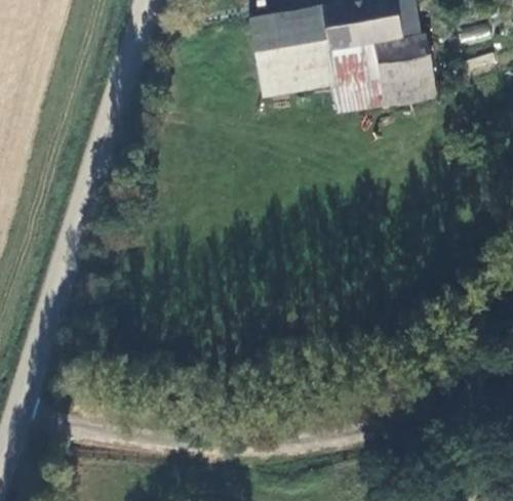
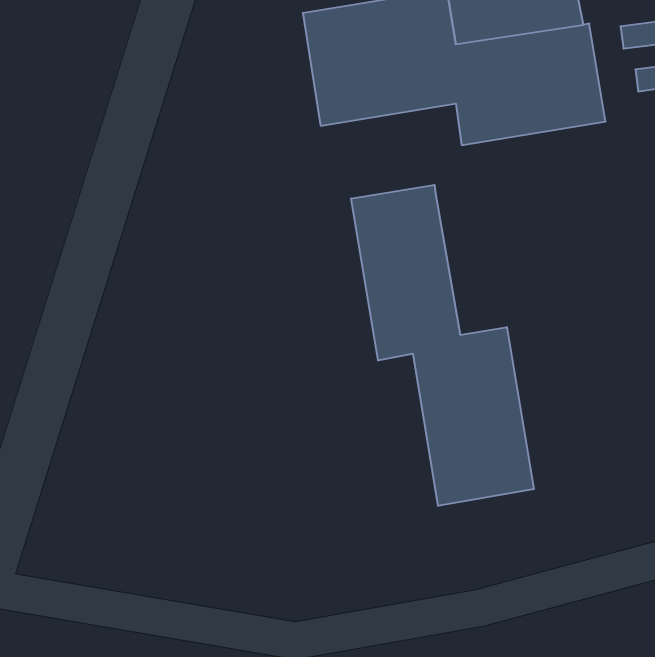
building: none -> [351,185,534,506]

